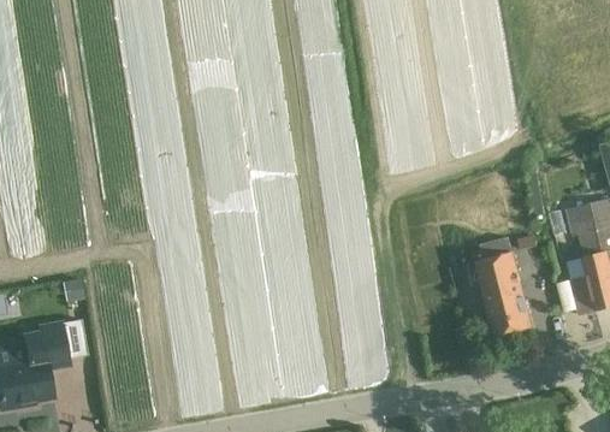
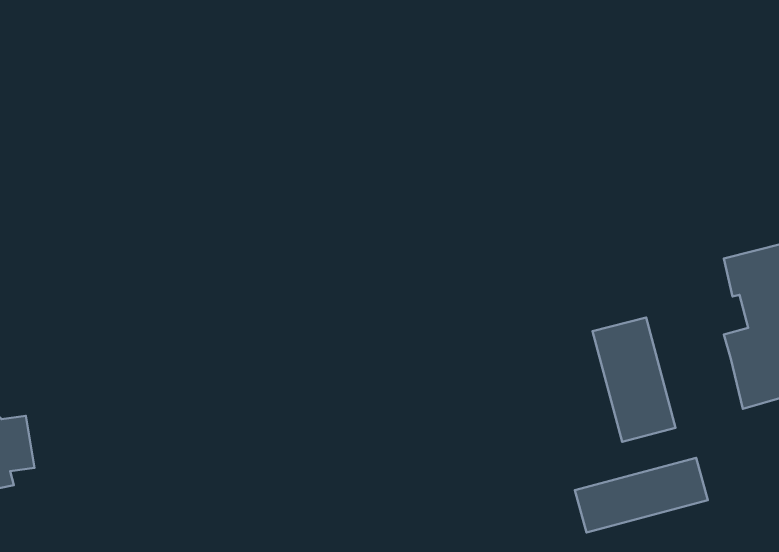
building: none -> [575,458,708,532]

